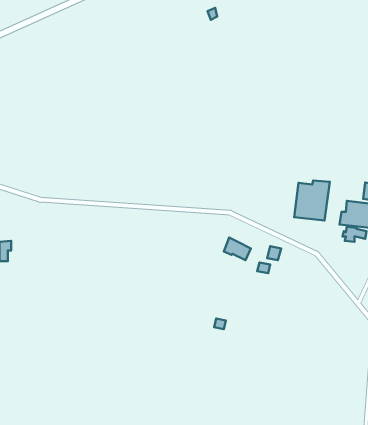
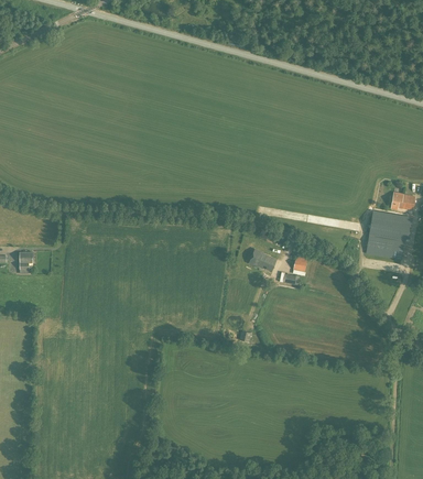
building: [294,181,330,221] -> none

